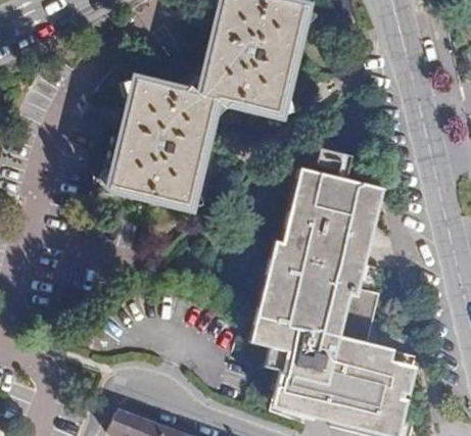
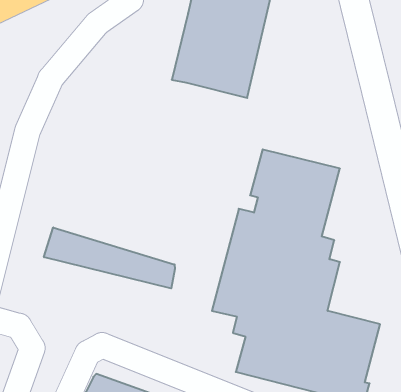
building: [108,80,216,207] -> none
building: none -> [44,227,175,288]

